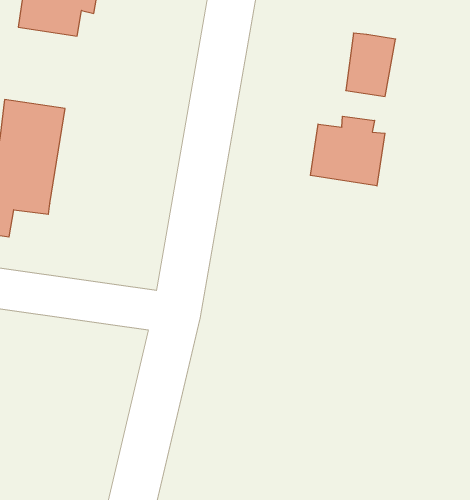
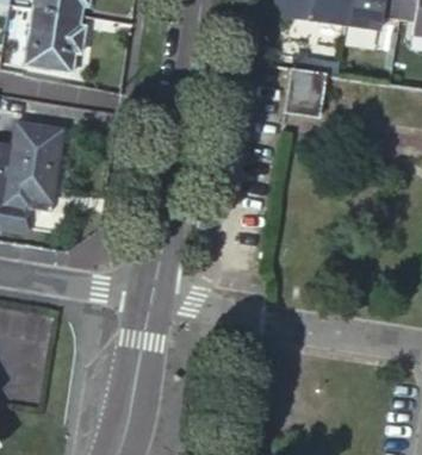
building: [310,116,385,186] -> none

